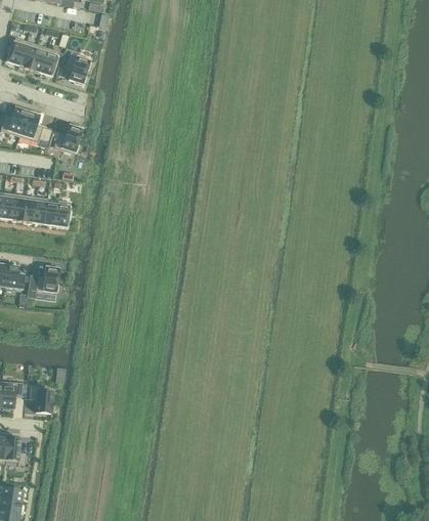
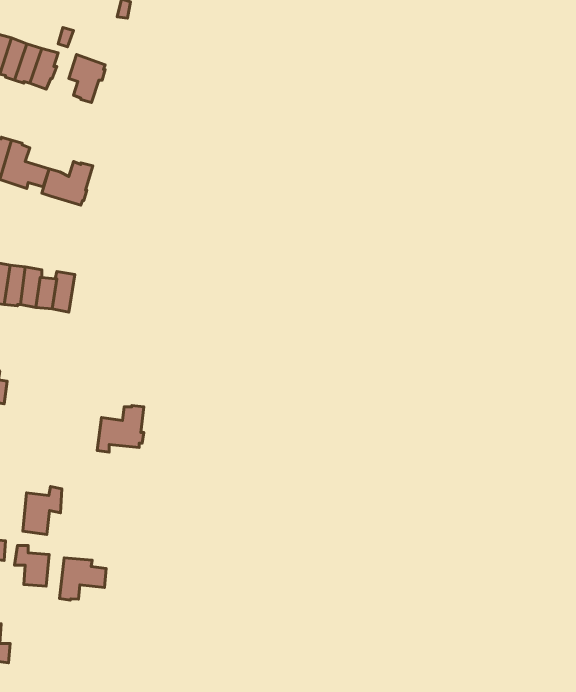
building: [26,266,57,298] -> [97,405,144,452]
building: none -> [23,487,62,534]
building: none -> [59,558,106,600]

